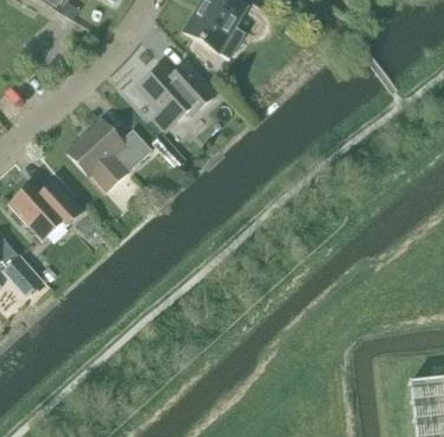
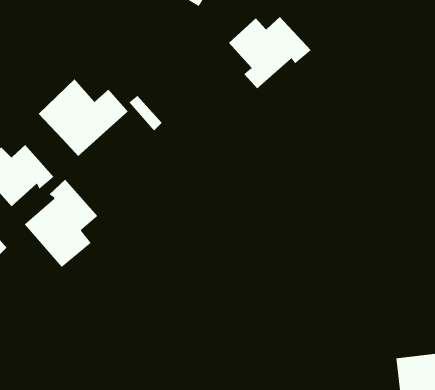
building: [138,62,216,131] -> [228,16,311,89]
building: none -> [24,179,98,268]

